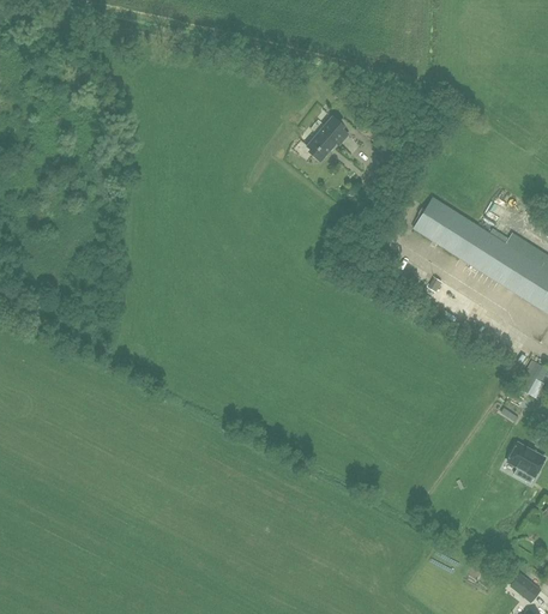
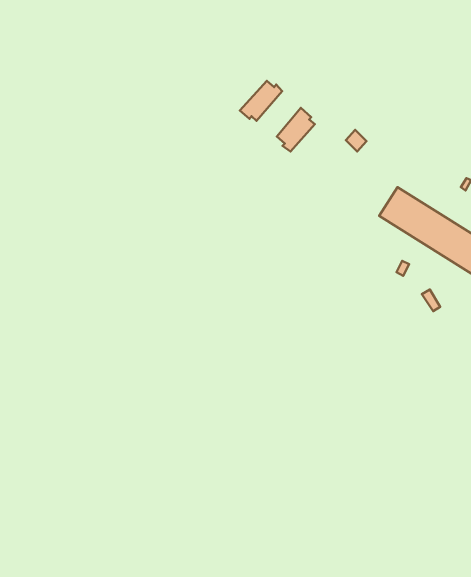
building: none -> [240,81,282,121]

